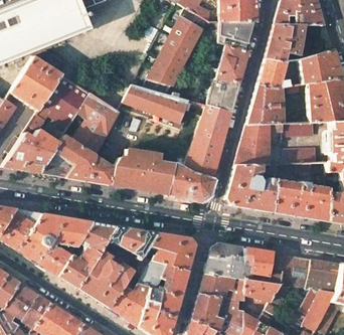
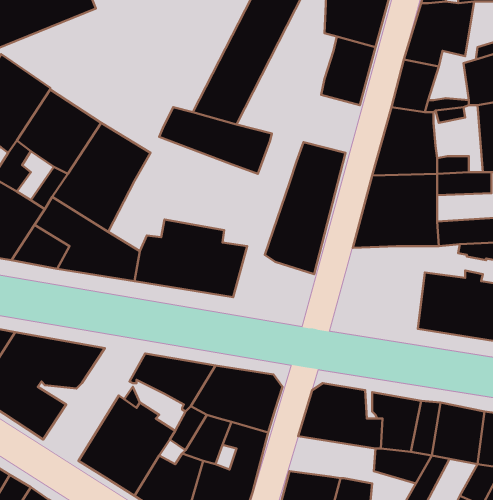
building: [207,78,239,112] -> none
building: [167,165,213,200] -> none
building: [225,165,278,212] -> none
building: [58,223,117,288] -> none
building: [199,274,248,301] -> none

